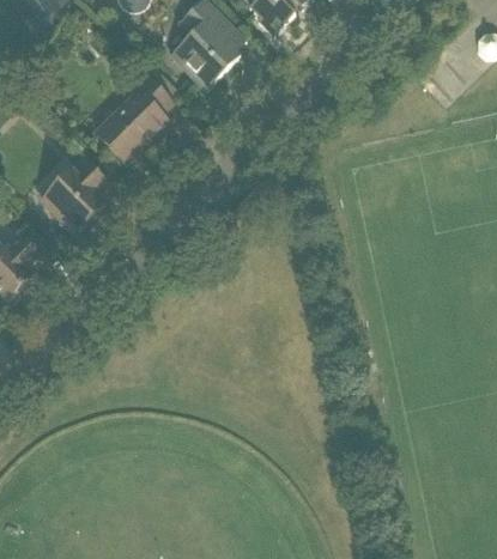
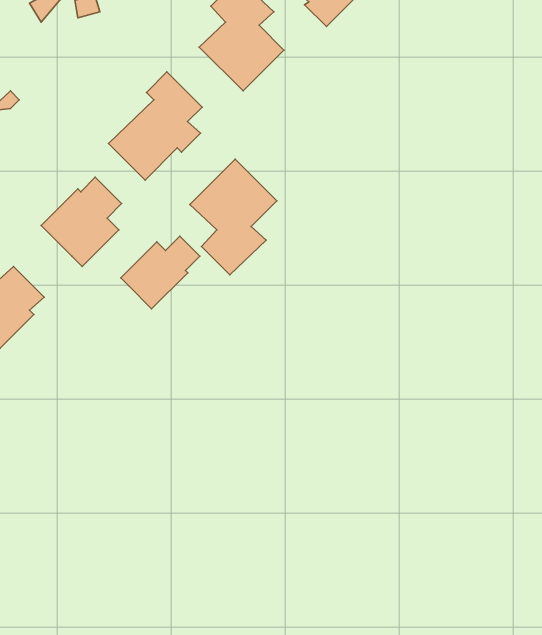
building: none -> [190,159,277,275]
building: none -> [121,236,200,309]

